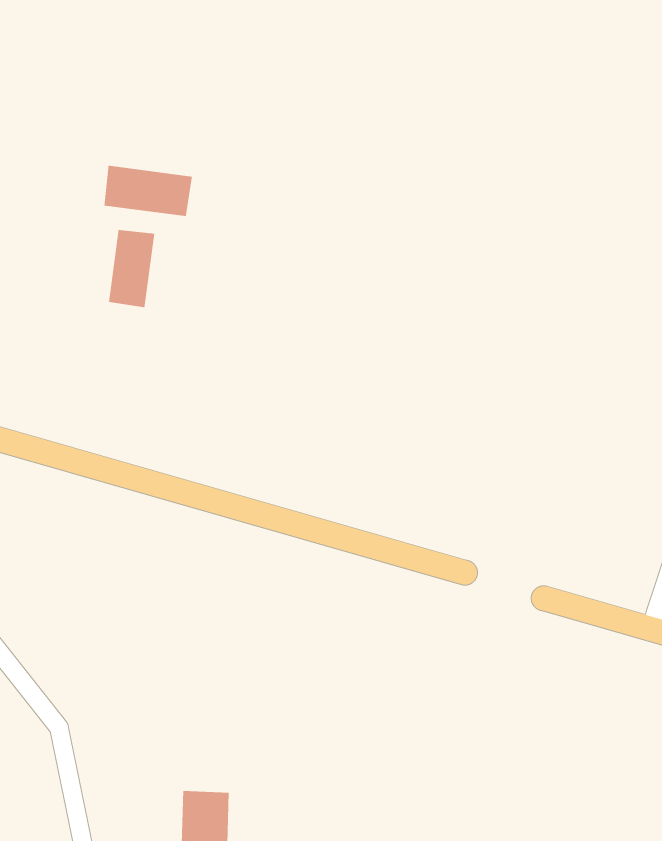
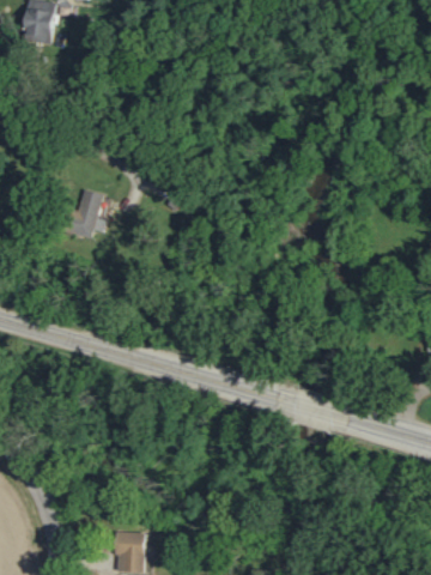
building: [104,165,193,217] -> none

